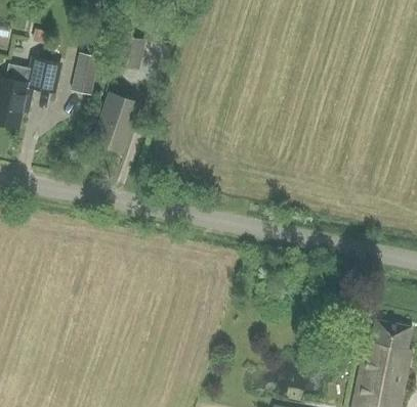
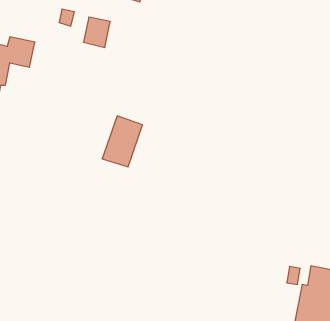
building: [72,52,100,95] -> none
building: [92,93,138,151] -> [102,116,142,167]

